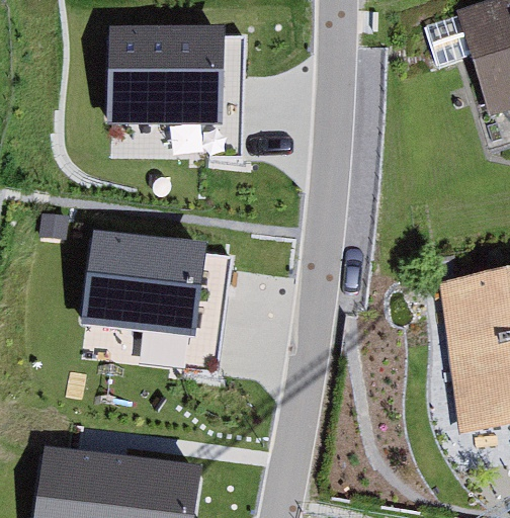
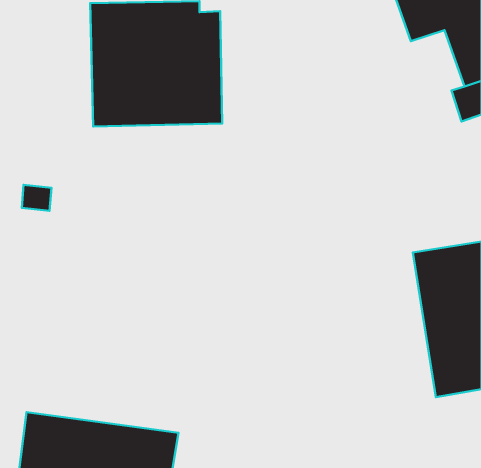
building: [82,231,226,371] -> none

